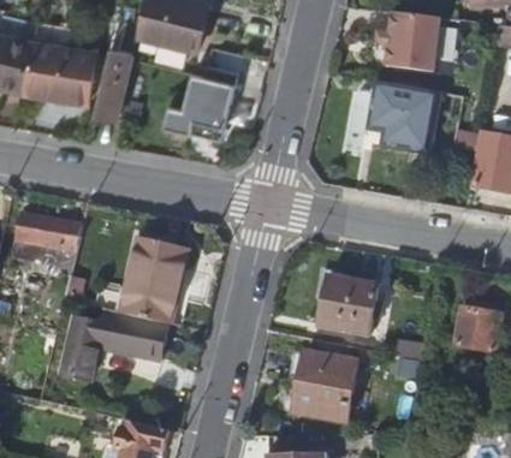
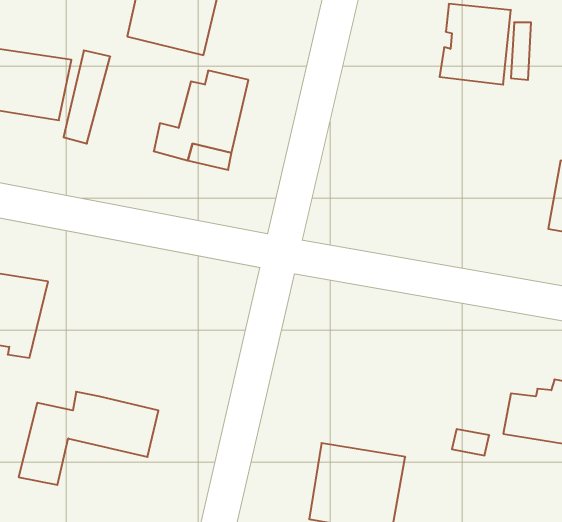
building: [368,77,439,149] -> none
building: [121,238,190,328] -> none
building: [320,275,376,334] -> none

